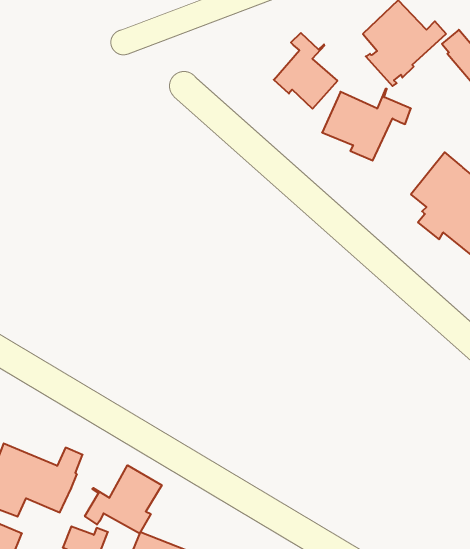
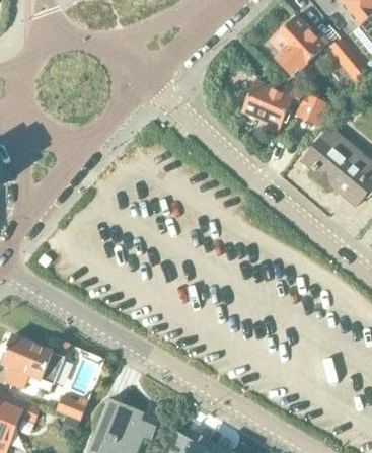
building: [274,33,337,109] -> none
building: none -> [294,94,329,127]
building: [85,465,162,534] -> none

